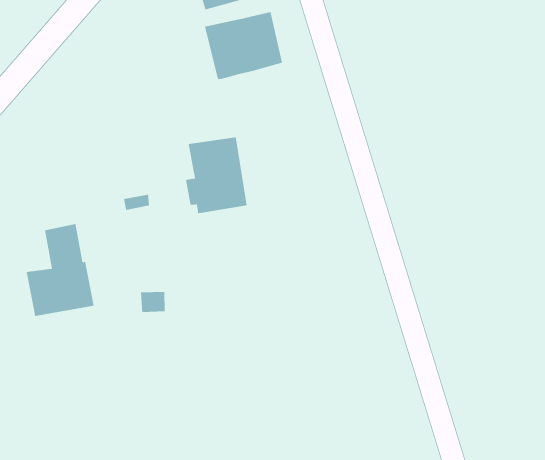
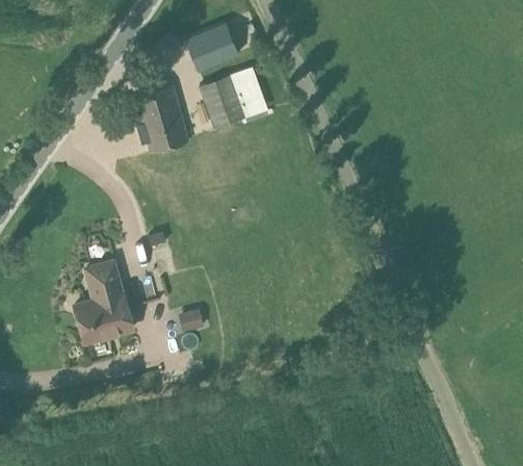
building: [185,137,247,214] -> [134,85,189,153]

